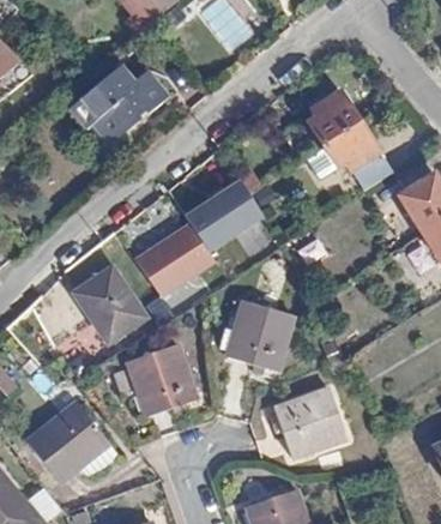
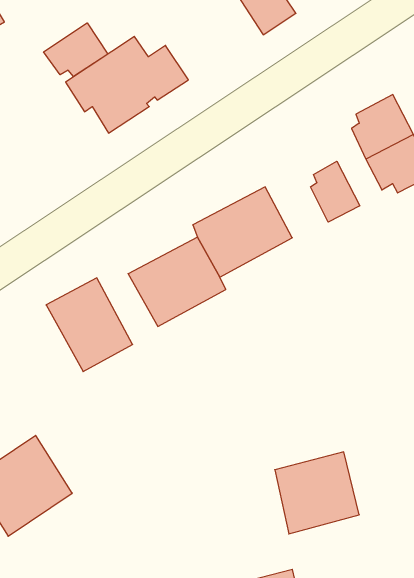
building: none -> [44,23,108,76]
building: none -> [311,161,360,222]
building: [226,299,294,371] -> none
building: [127,342,198,415] -> none

